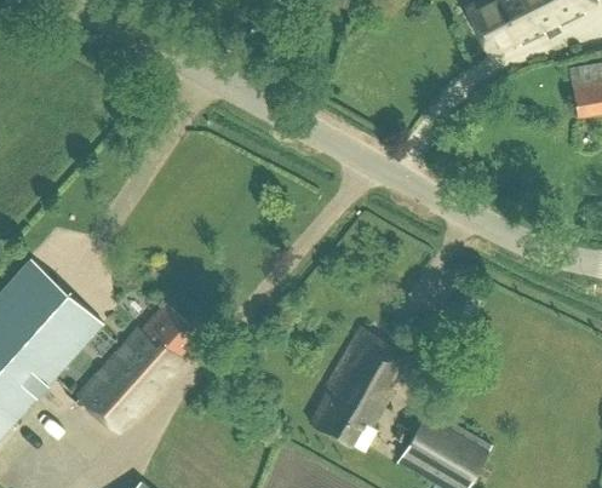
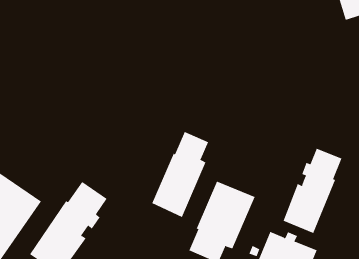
building: none -> [151,131,209,218]
building: none -> [283,148,342,234]

